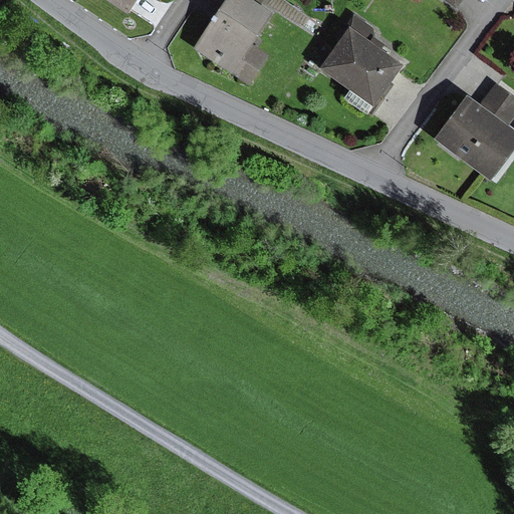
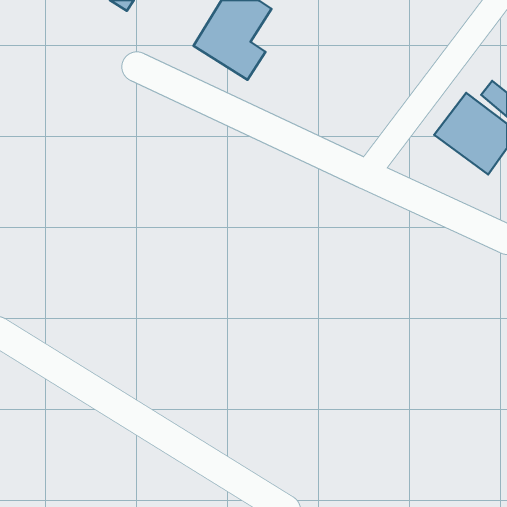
building: [321,13,404,105] -> none

